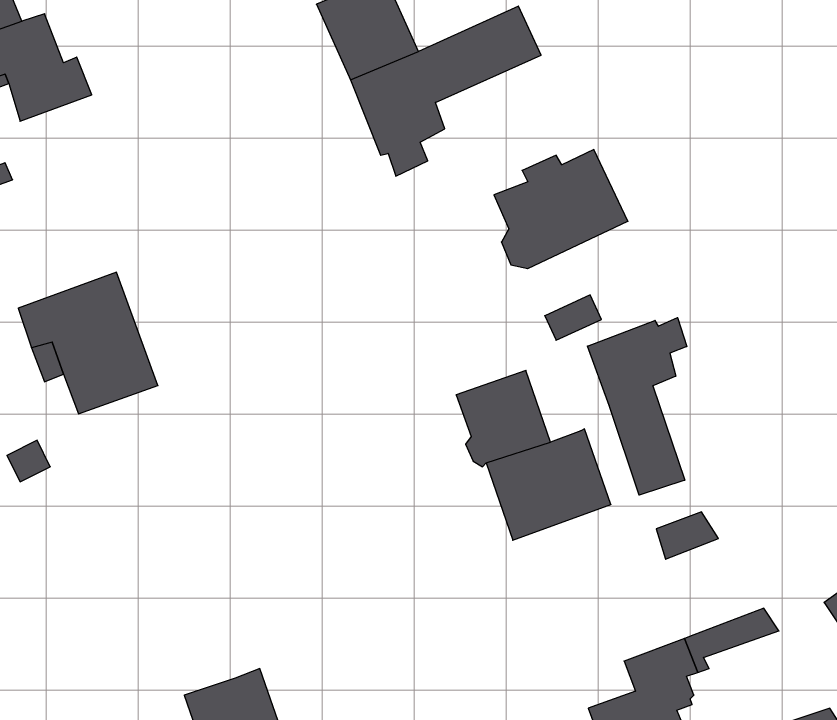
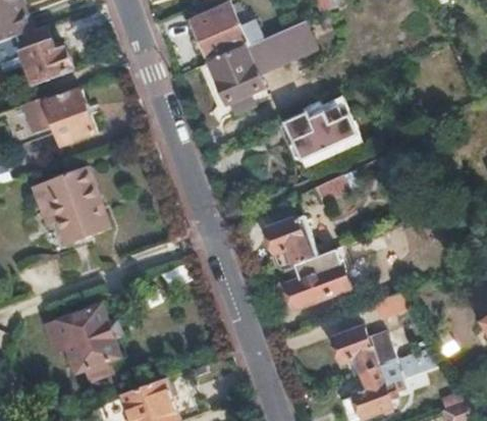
building: none -> [46,90,94,142]
building: [587,318,687,495] -> none
building: none -> [52,304,118,378]
building: none -> [331,330,396,375]

